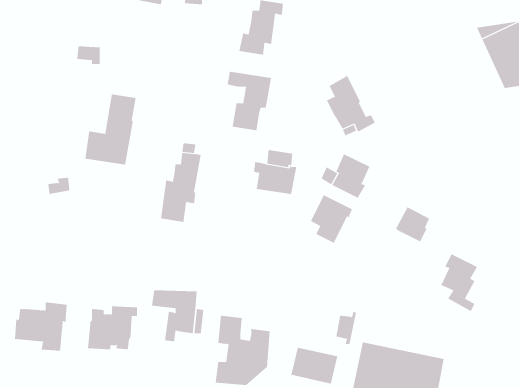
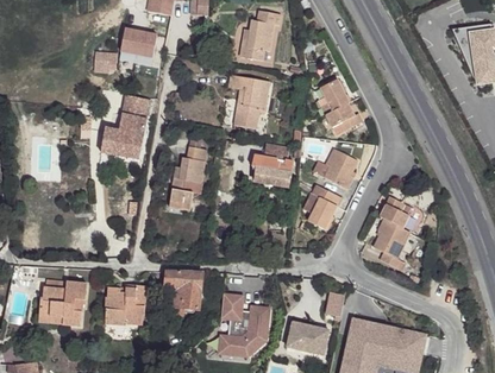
building: none -> [120,29,156,58]
building: [441,253,478,312] -> [374,219,407,271]

